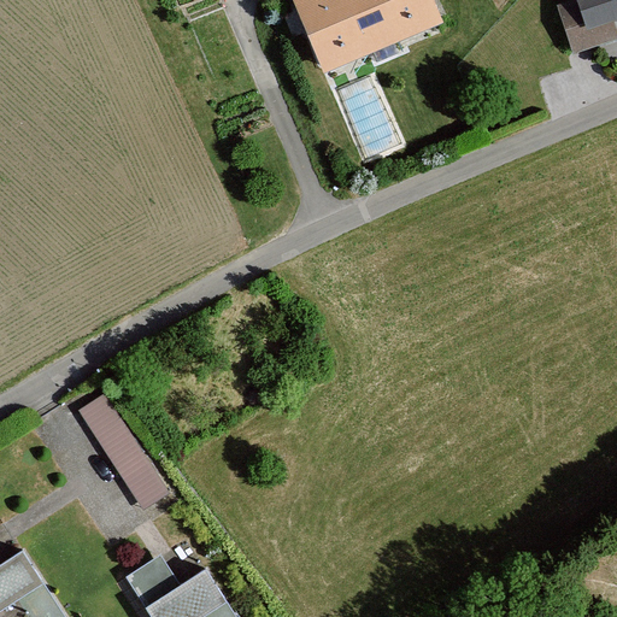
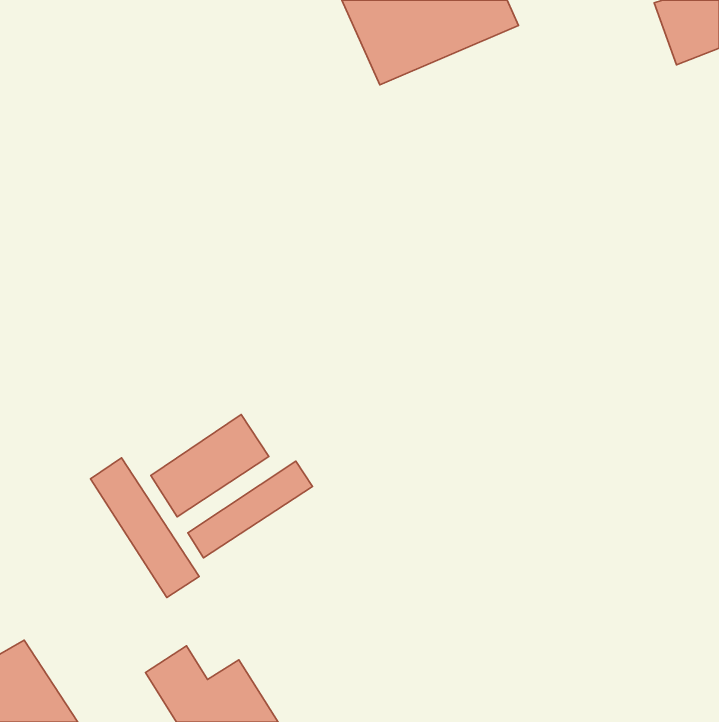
building: none -> [151,415,269,517]
building: none -> [188,461,313,558]

